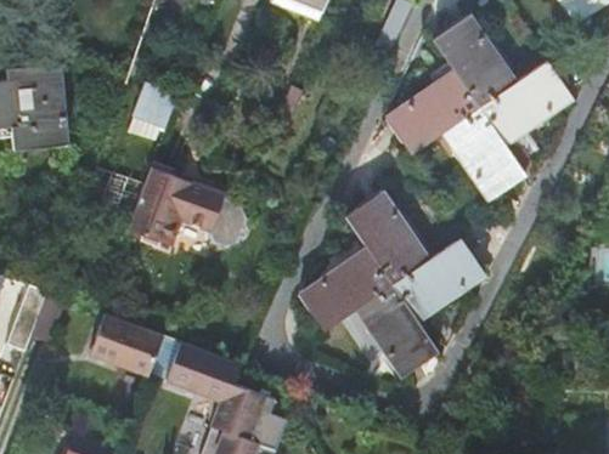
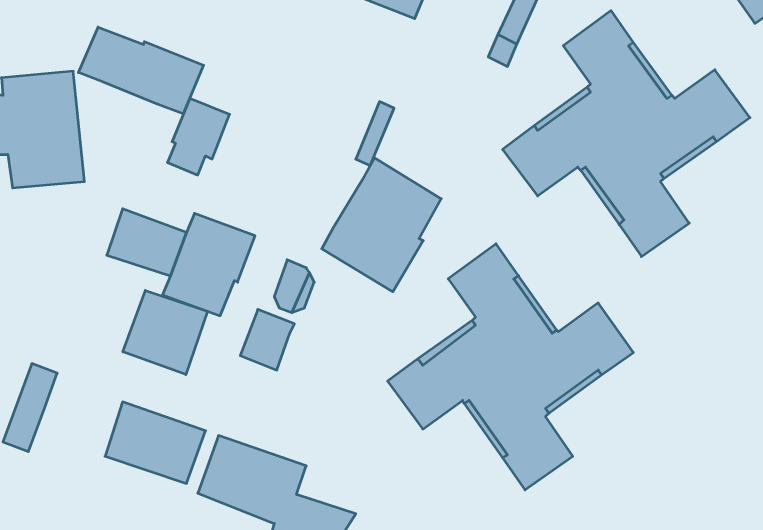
building: none -> [78,27,204,114]
building: none -> [322,158,441,292]
building: [185,186,226,232] -> [240,309,294,370]
building: none -> [123,290,208,375]

